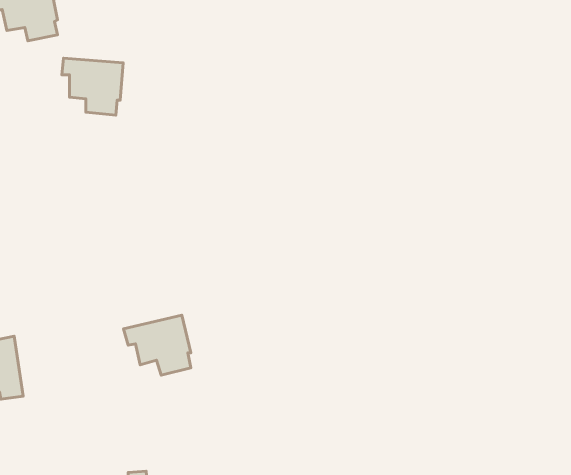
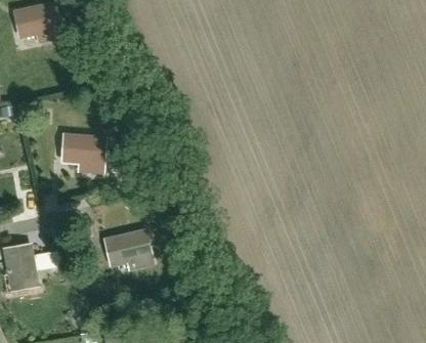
building: [62,58,123,115] -> [62,134,104,173]

